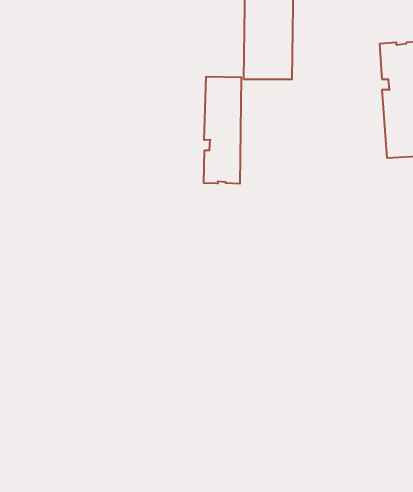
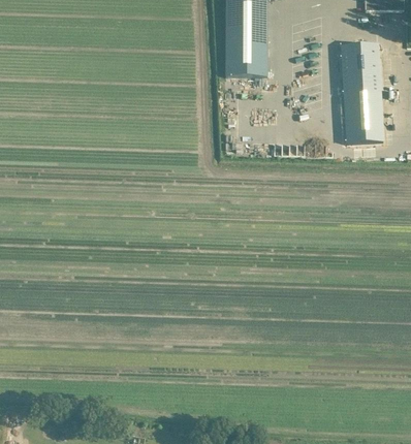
building: [204,77,241,184] -> none

